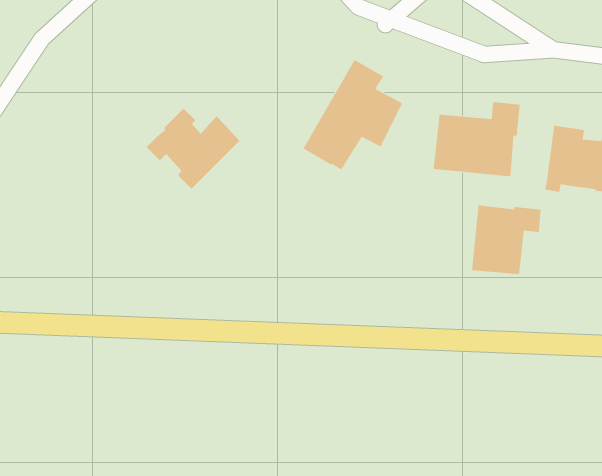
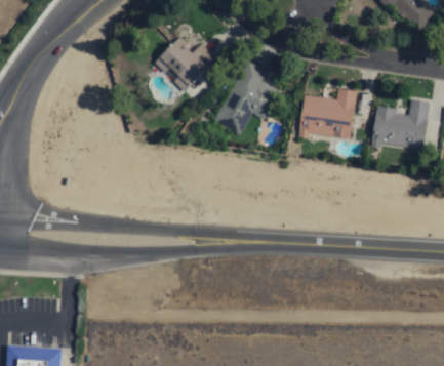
building: [146,108,240,189] -> [155,38,216,91]
building: [471,205,541,275] -> none

